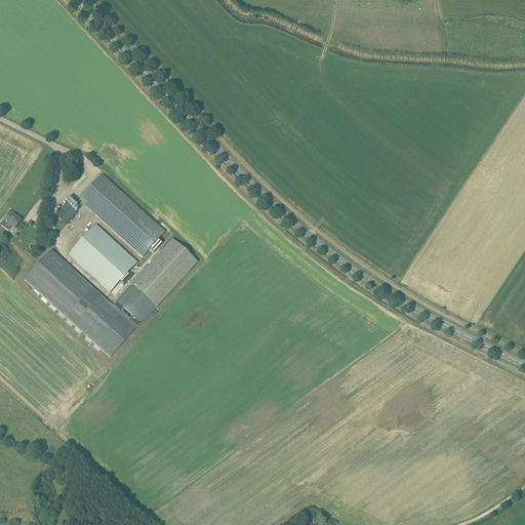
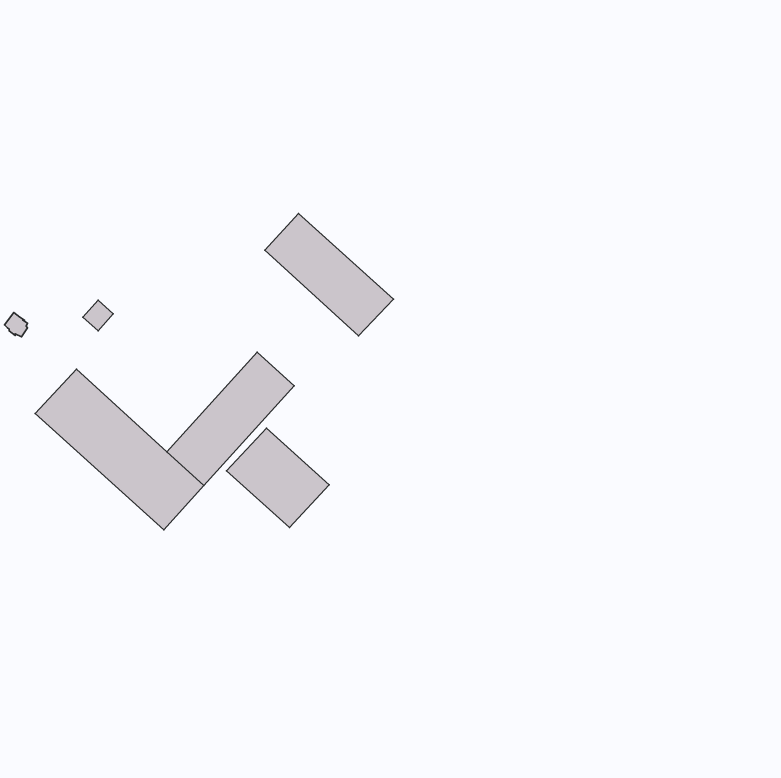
building: [79,172,165,254] -> [265,213,394,336]
building: [68,223,136,289] -> [227,428,329,528]

